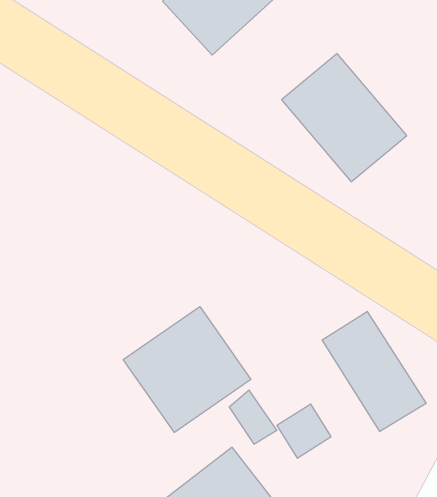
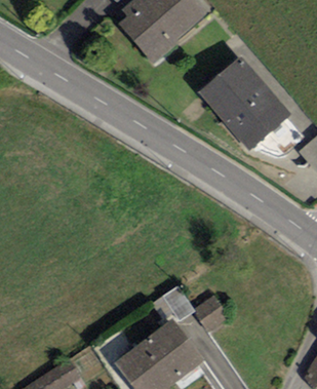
building: [123,307,251,432] -> none
building: [322,311,426,431] -> none

